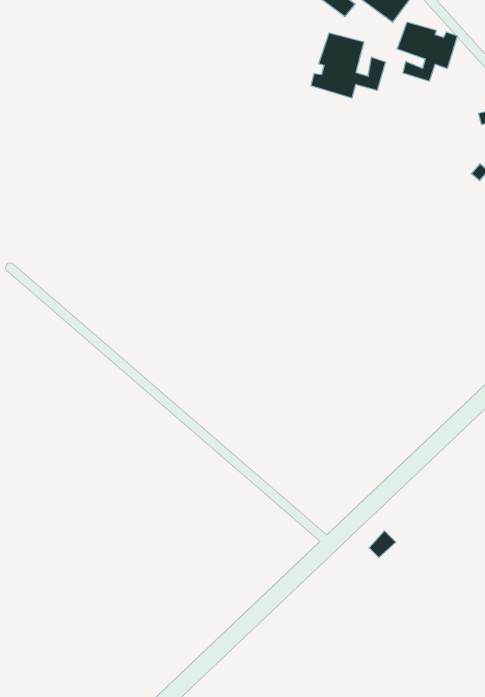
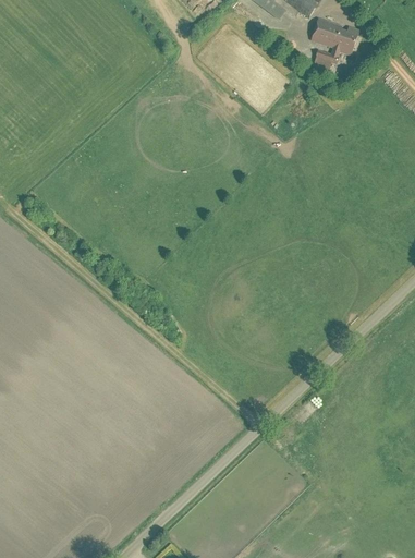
building: [311,33,385,98] -> none

